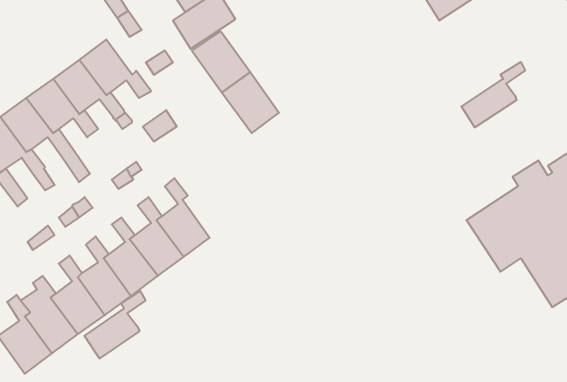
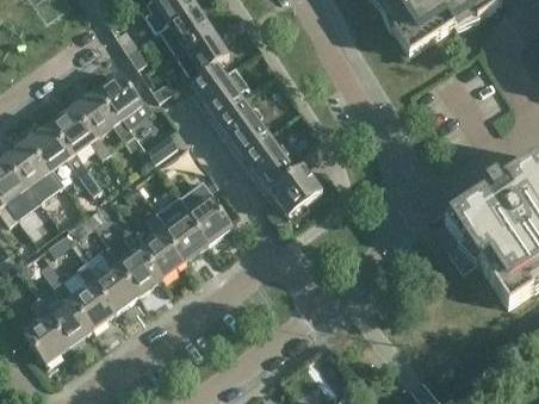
building: [462,62,525,128] -> none
building: none -> [244,136,322,216]
building: none -> [184,174,231,245]
building: [84,291,145,359] -> none

